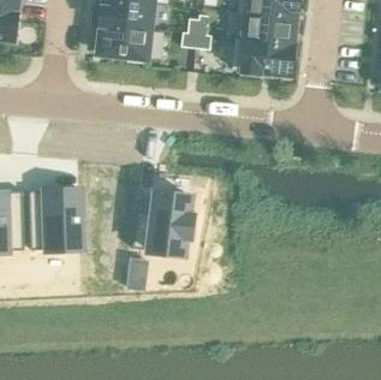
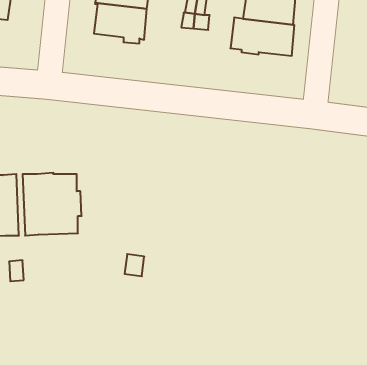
building: [133,190,194,253] -> none

